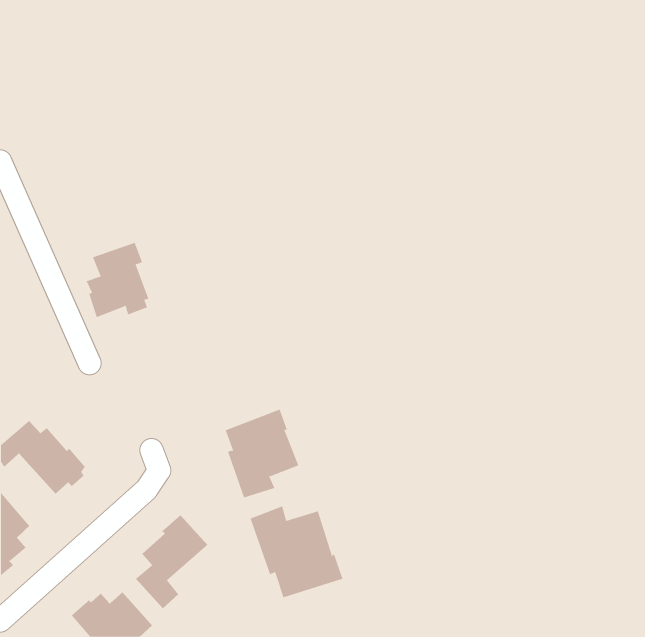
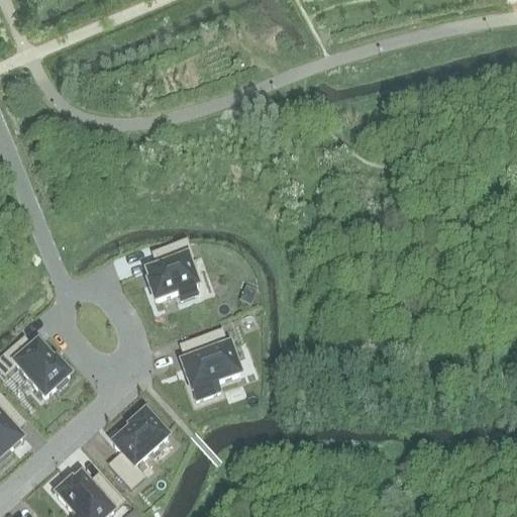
building: [86,242,149,318] -> [146,239,197,300]
building: [250,506,343,598] -> none

